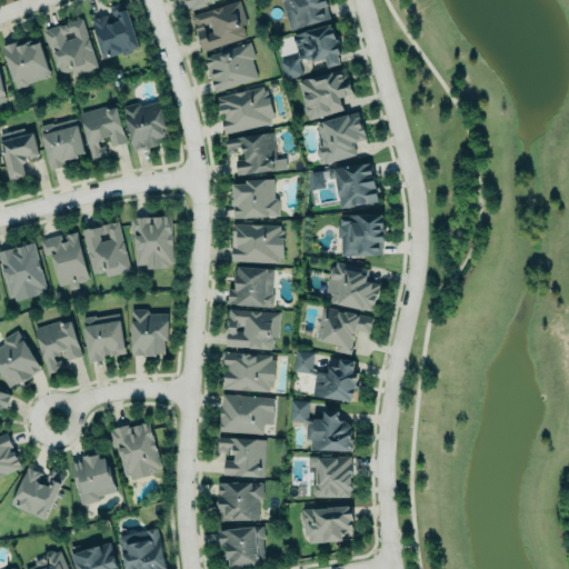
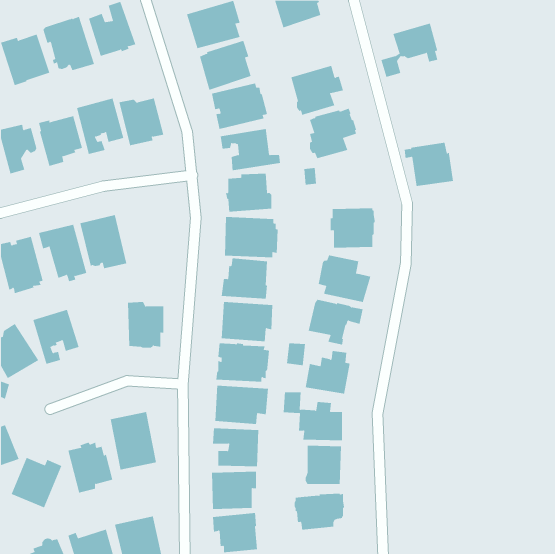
building: [280,24,339,80] -> [380,23,438,77]
building: [328,162,379,208] -> [404,142,454,187]
building: [131,216,174,269] -> none
building: [82,315,126,363] -> none

